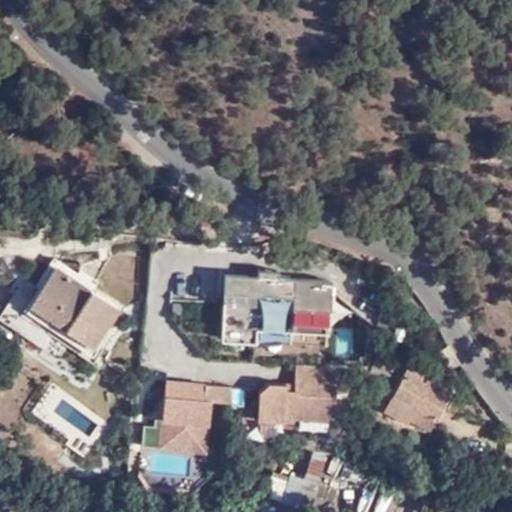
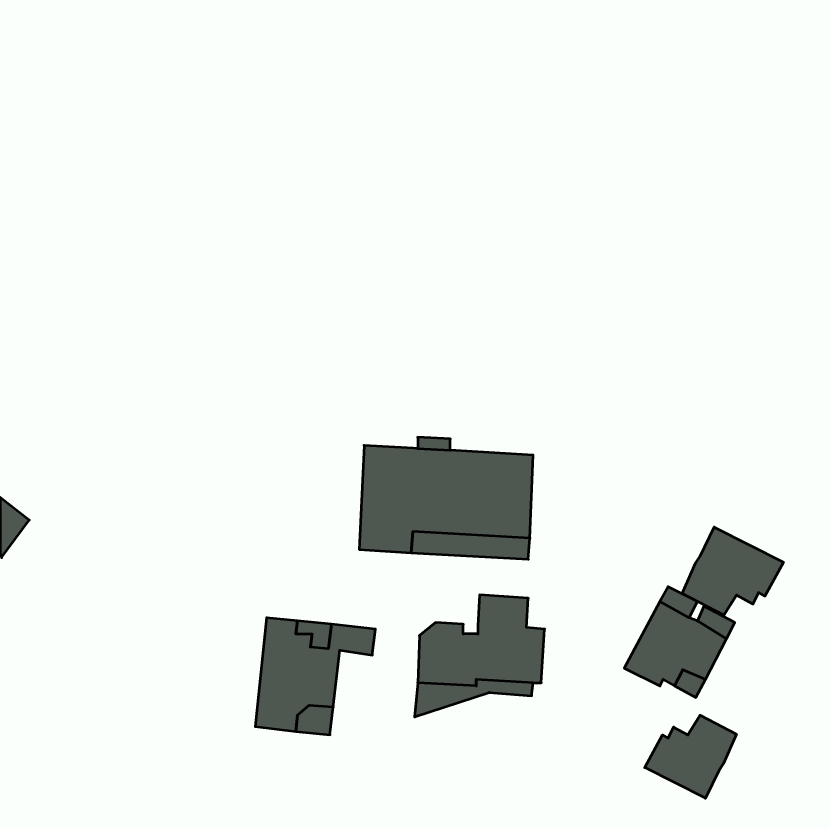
building: [22,269,116,358] -> none
building: none -> [682,527,783,615]
building: none -> [645,715,736,798]

